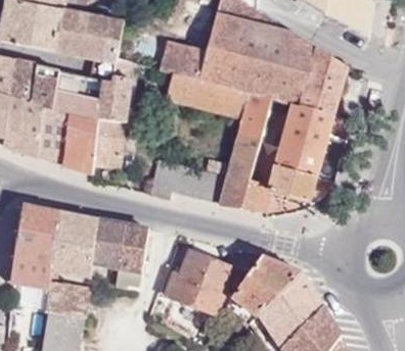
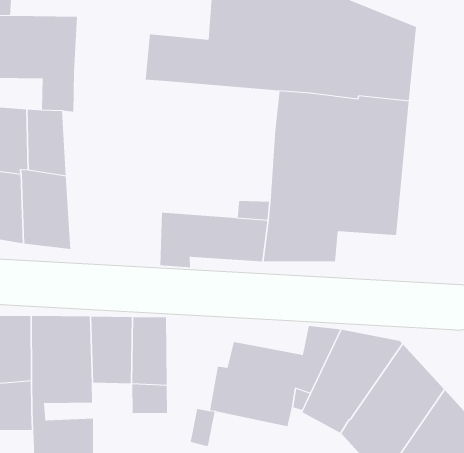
building: [94,56,133,165] -> none
building: [166,72,248,117] -> none

